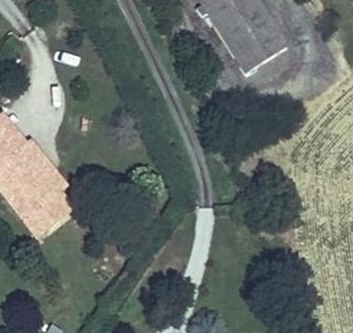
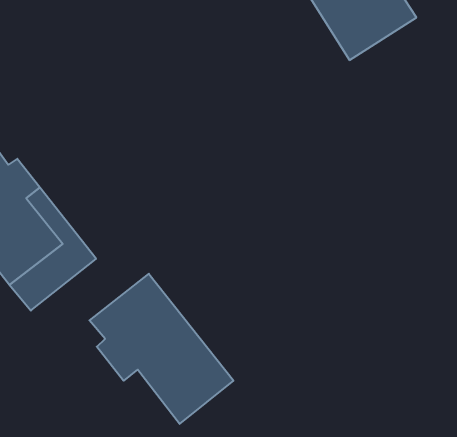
building: none -> [89,274,233,424]

